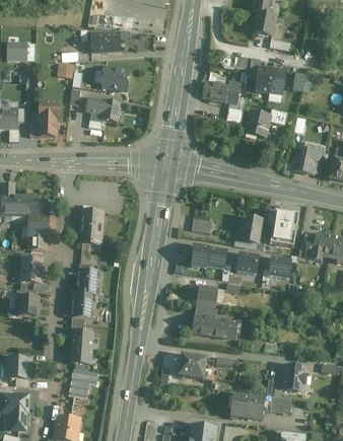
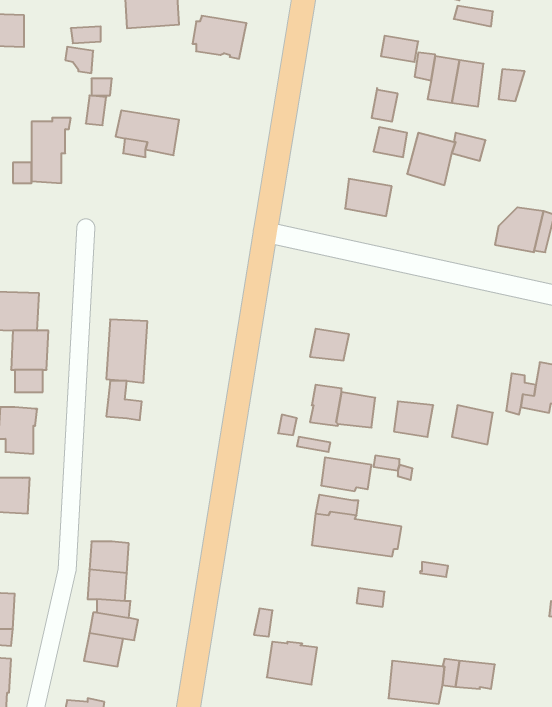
building: [100,67,130,90] -> [192,16,247,59]
building: [202,80,227,100] -> [345,179,392,216]
building: [270,205,295,239] -> none
building: [234,218,261,243] -> none
building: [71,269,104,319] -> none
building: [179,355,206,378] -> [267,642,317,685]
building: [282,361,305,391] -> none

